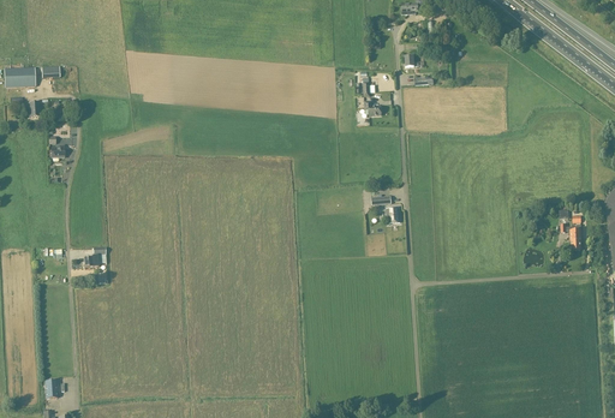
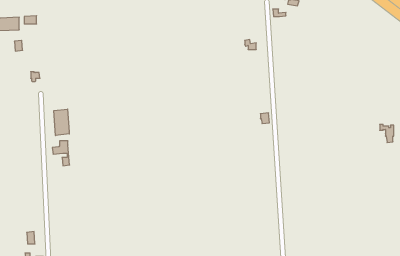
building: none -> [54,109,69,136]

